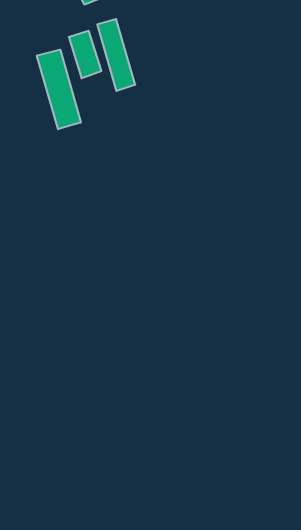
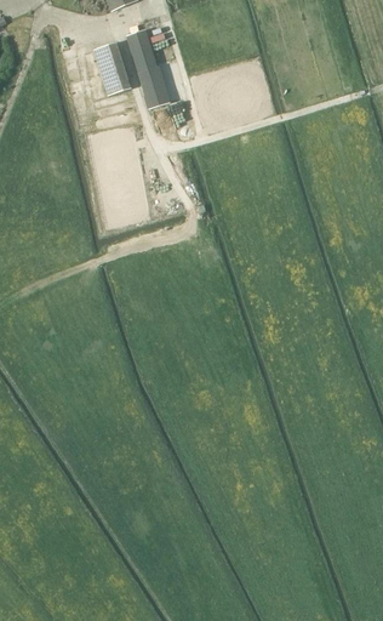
building: [37,50,81,129] -> none

